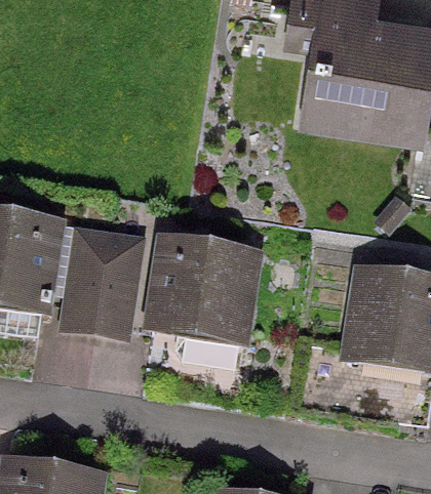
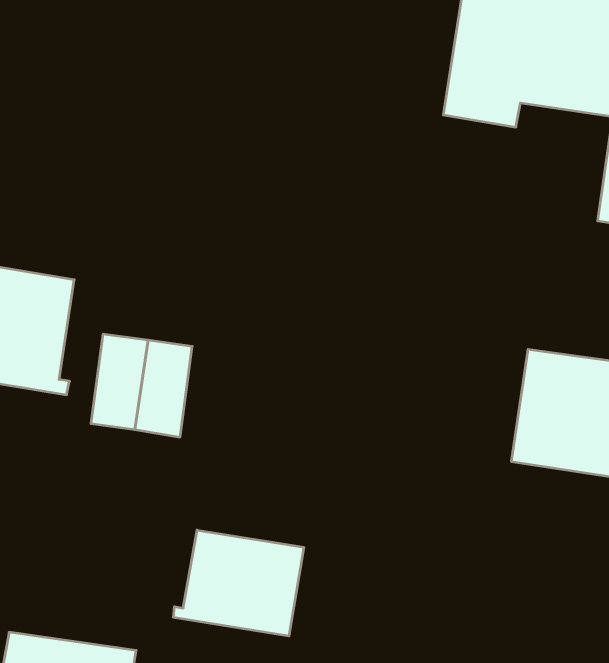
building: [157,240,256,365] -> none
building: none -> [173,530,304,636]

